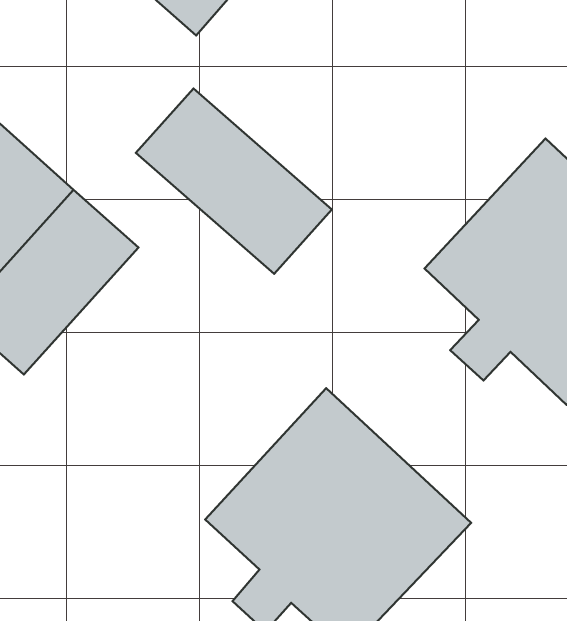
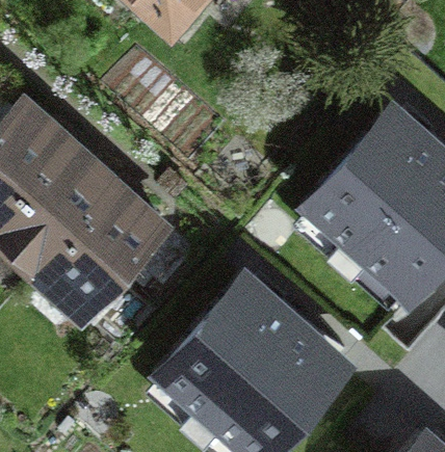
building: [136,89,332,274] -> none
building: none -> [43,183,171,314]

